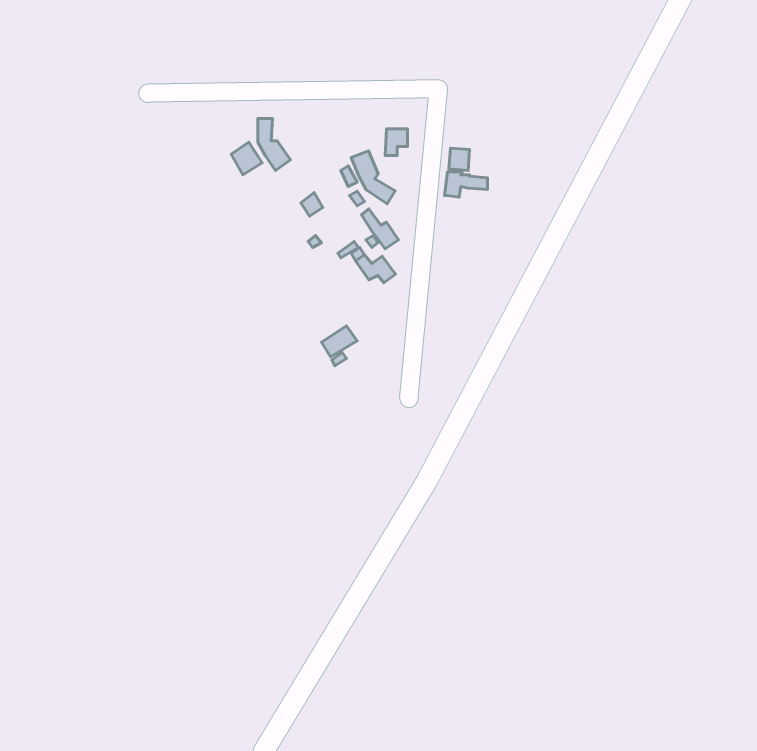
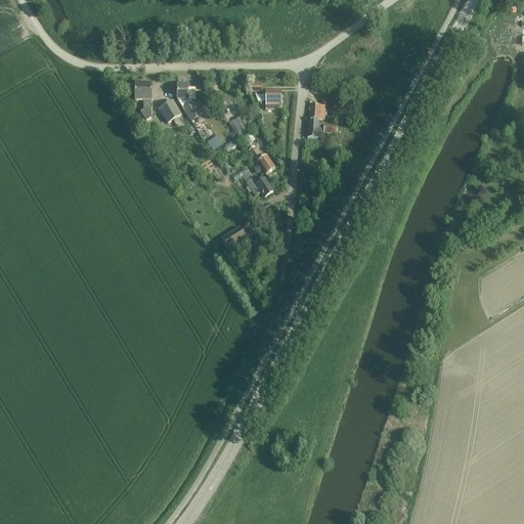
building: none -> [135,82,151,119]
building: [351,151,395,204] -> none

